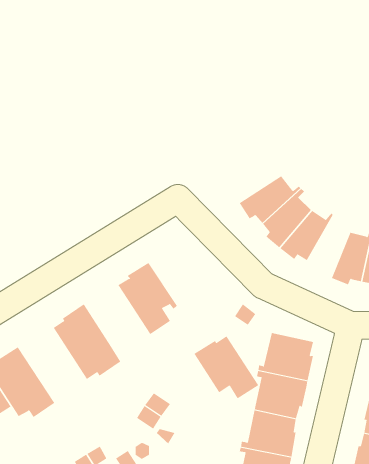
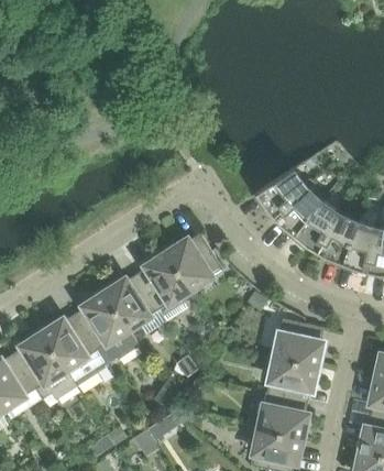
building: none -> [315,206,355,266]
building: none -> [164,232,220,293]
building: none -> [40,314,105,385]
building: [193,335,259,399] -> [102,273,165,333]

